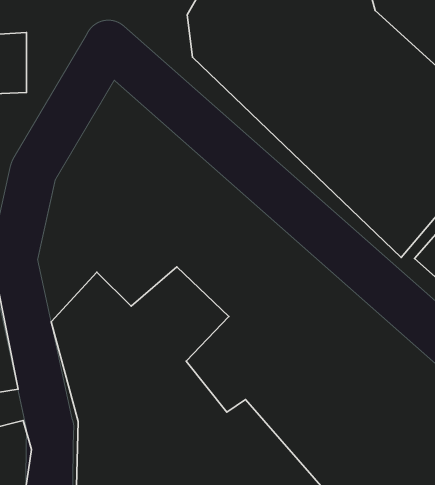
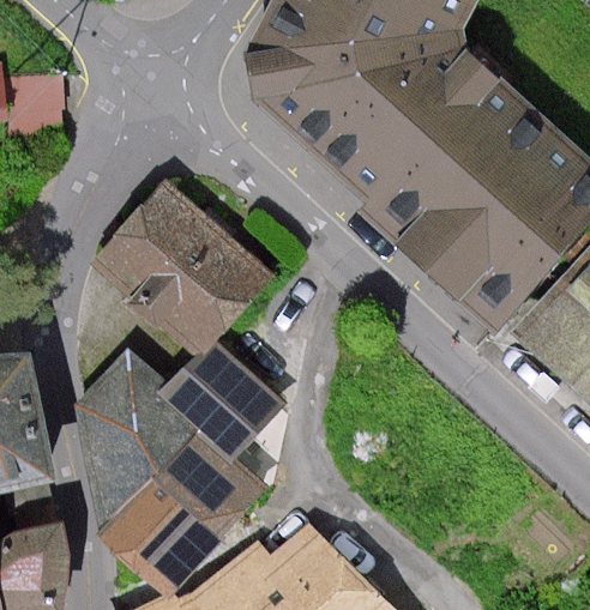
building: none -> [96,179,271,350]

